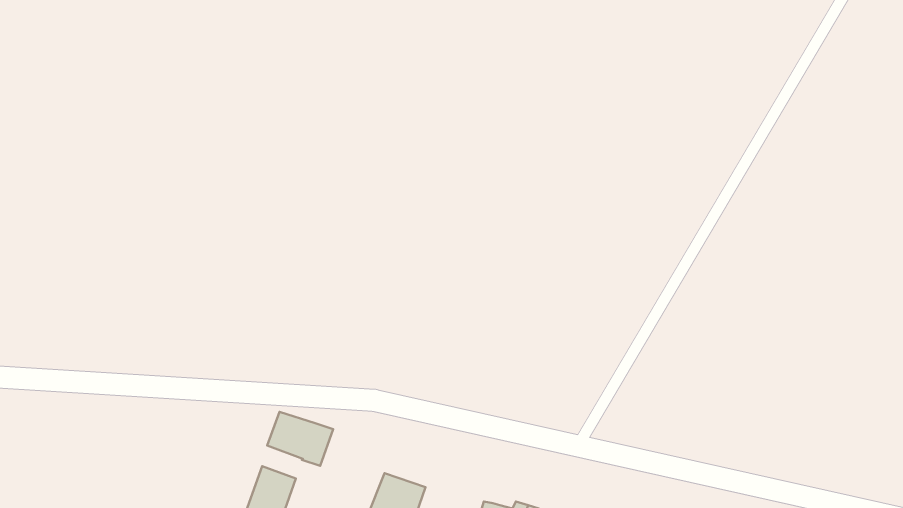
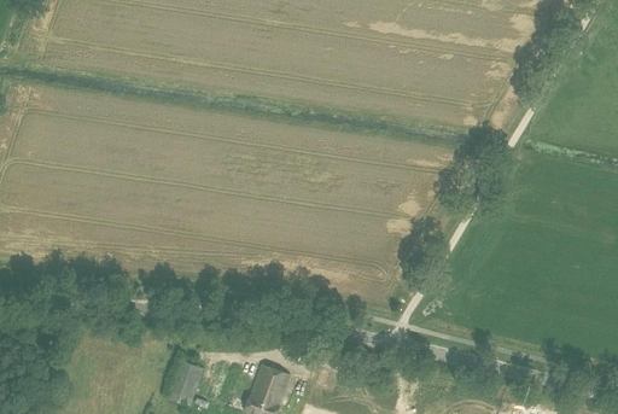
building: [267,412,333,466] -> none

